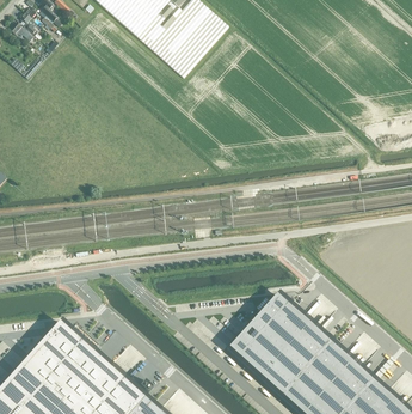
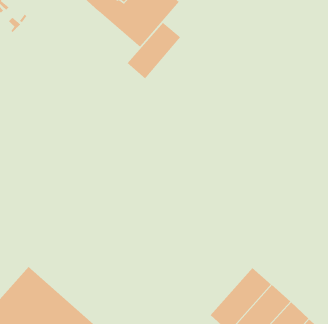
building: none -> [127,22,181,80]
building: [230,293,310,376] -> none

